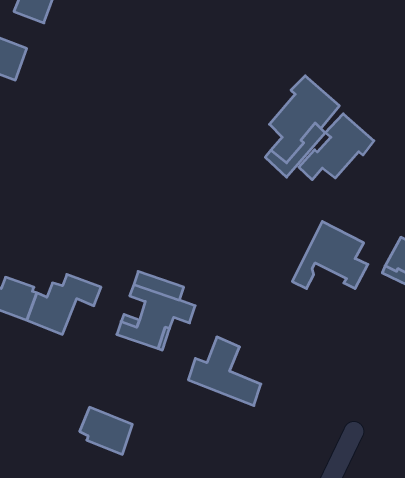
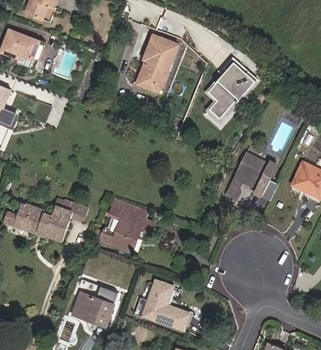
building: none -> [137,36,179,92]
building: [299,114,374,180] -> none
building: [188,337,261,406] -> [136,281,188,329]

